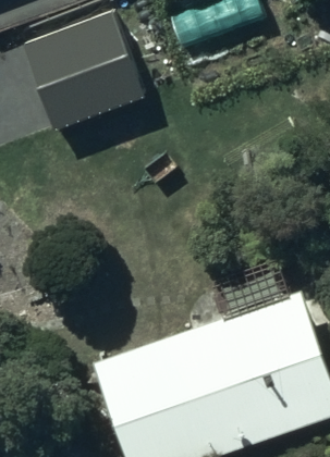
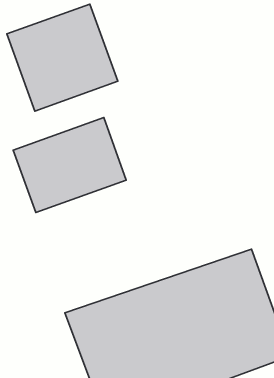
building: none -> [13,118,126,213]

